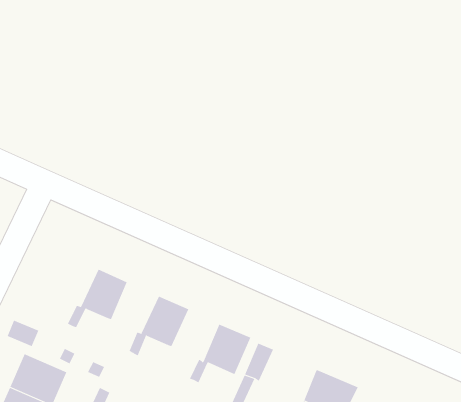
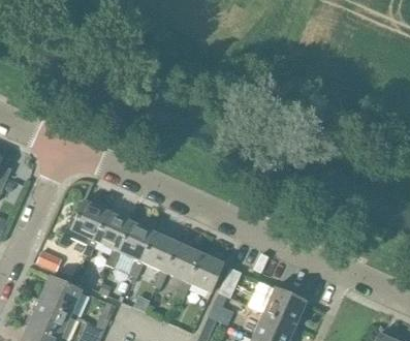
building: none -> [60,200,106,246]
building: none -> [106,221,153,267]
building: none -> [153,242,199,288]

